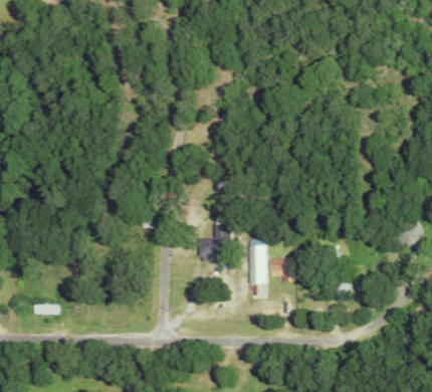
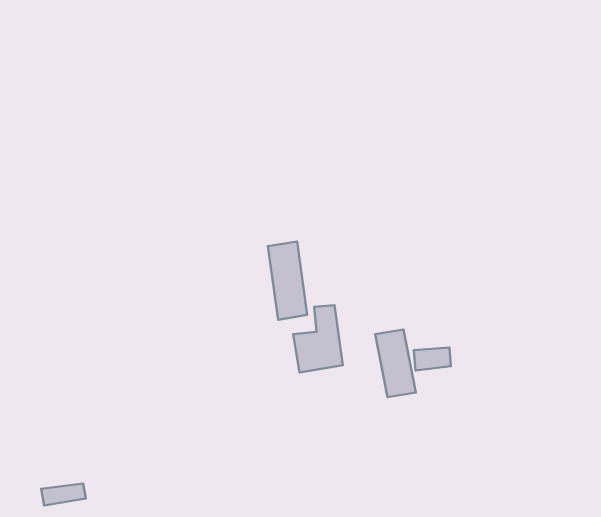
building: none -> [268,241,307,320]

